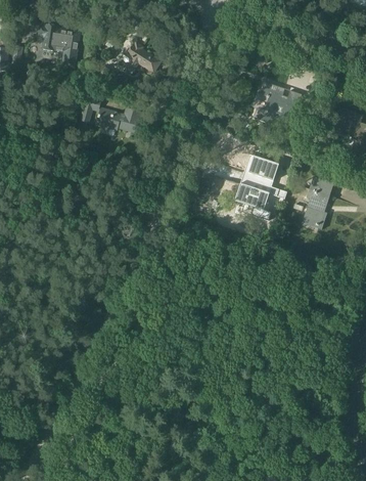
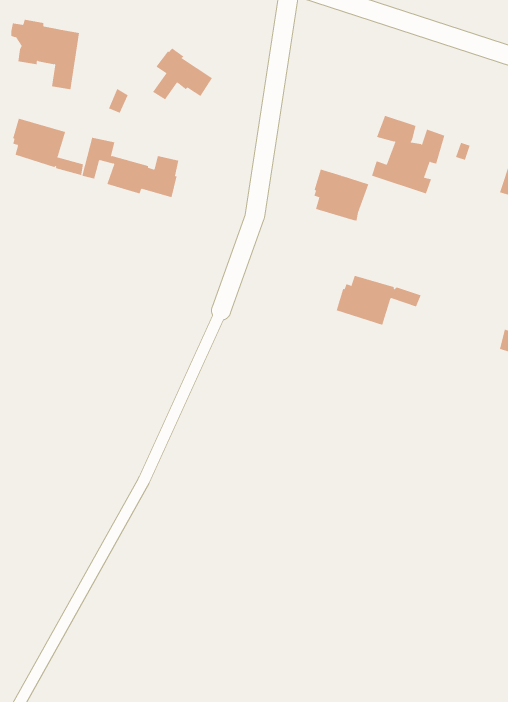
building: none -> [12,118,84,176]
building: [245,156,279,188] -> [313,169,369,223]
building: [296,176,333,226] -> none

